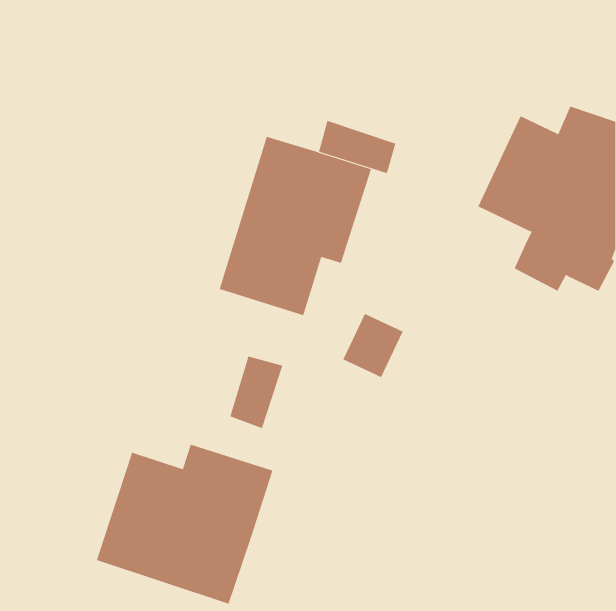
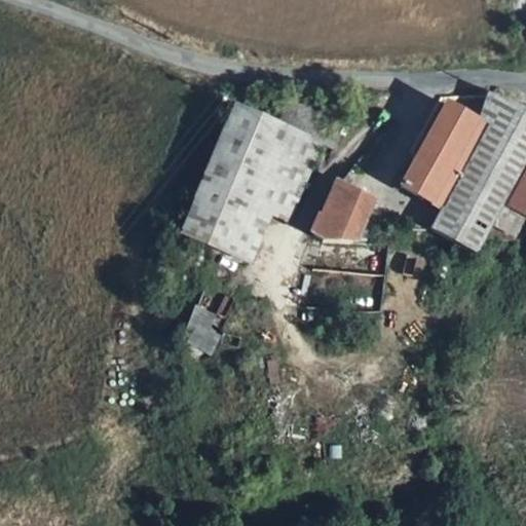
building: [343,313,403,378] -> [310,186,362,240]
building: [96,444,273,605] -> none

